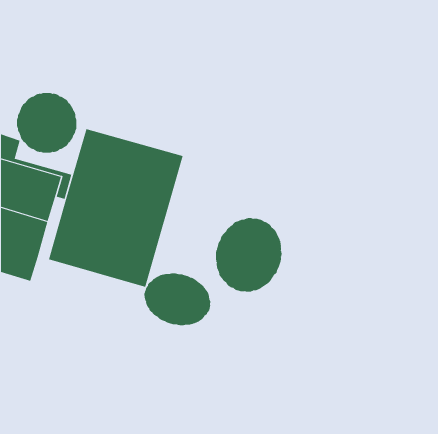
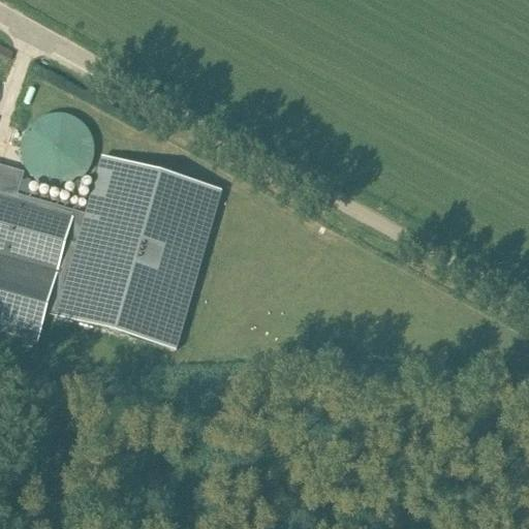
building: [215,217,282,293] -> none
building: [144,273,211,326] -> none

